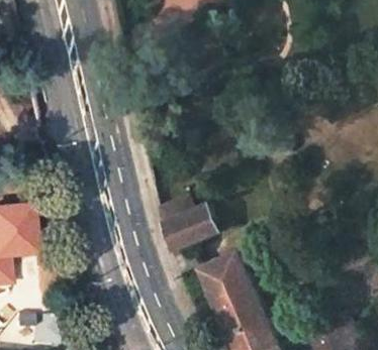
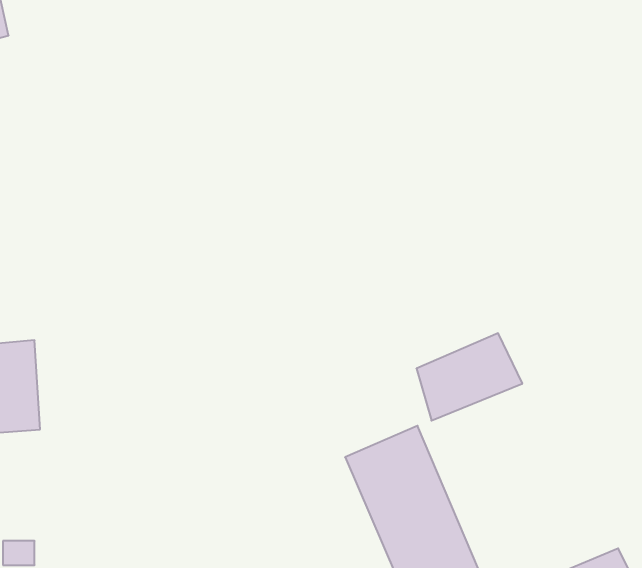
building: [162,205,219,252] -> [416,333,522,421]

